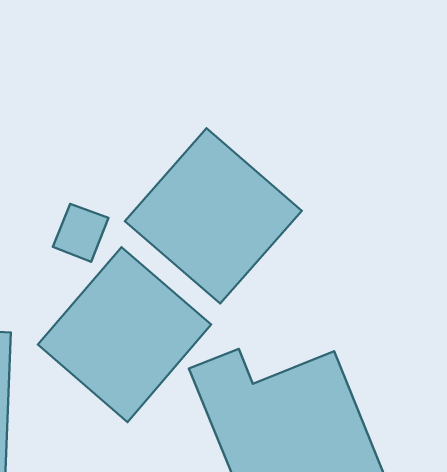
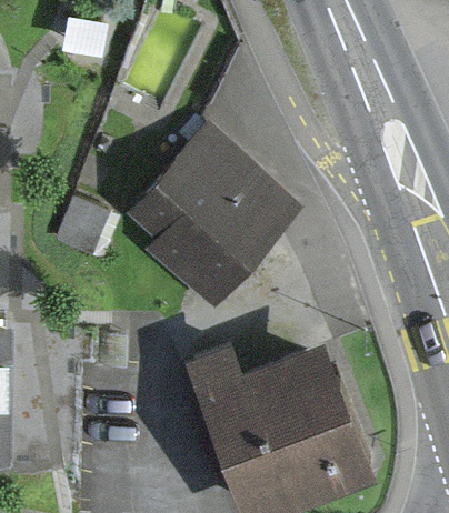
building: [38,247,211,422] -> none

